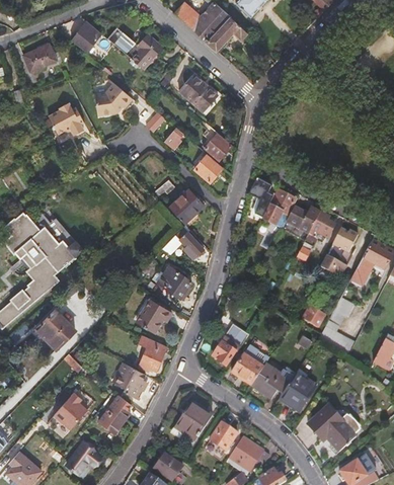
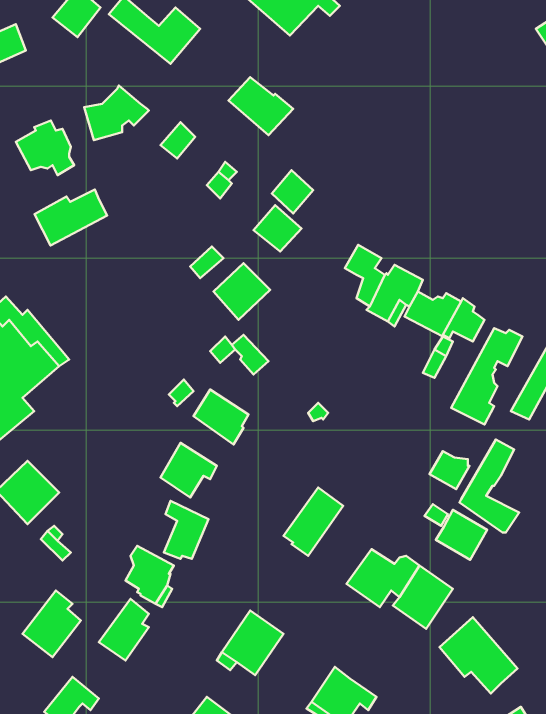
building: none -> [34,190,107,246]
building: none -> [436,510,487,560]
building: [231,347,267,385] -> none
building: [210,422,237,451] -> none

